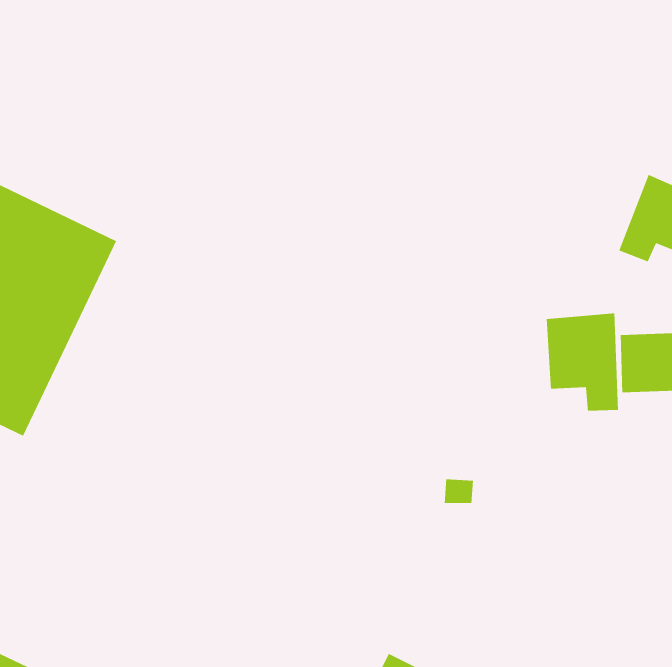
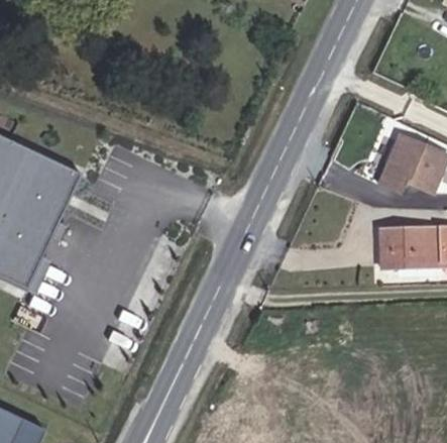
building: [546,313,619,412] -> none

